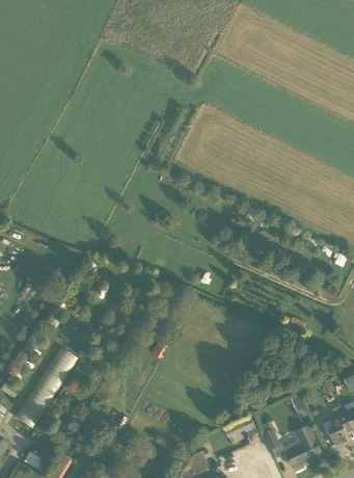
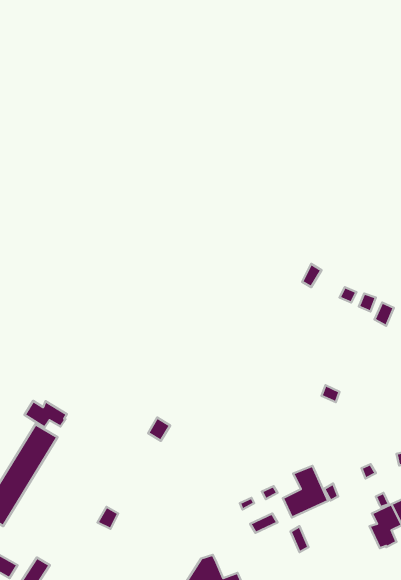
building: none -> [25,401,67,428]
building: [284,426,321,468] -> [283,466,328,518]

